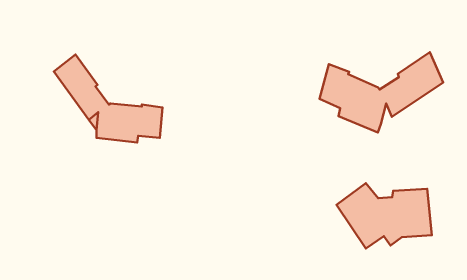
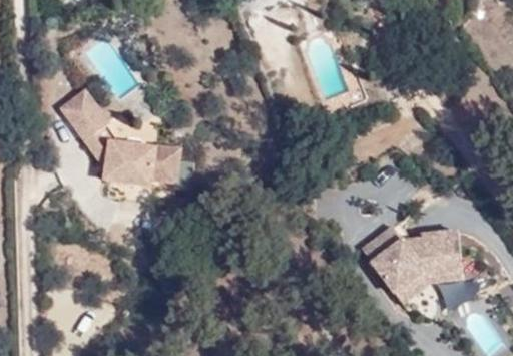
building: [319,52,443,133] -> none

